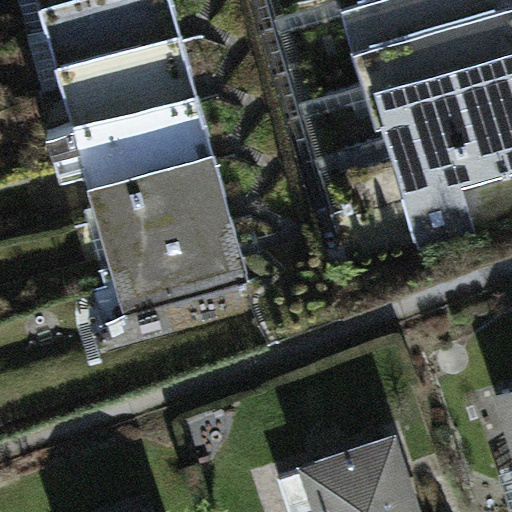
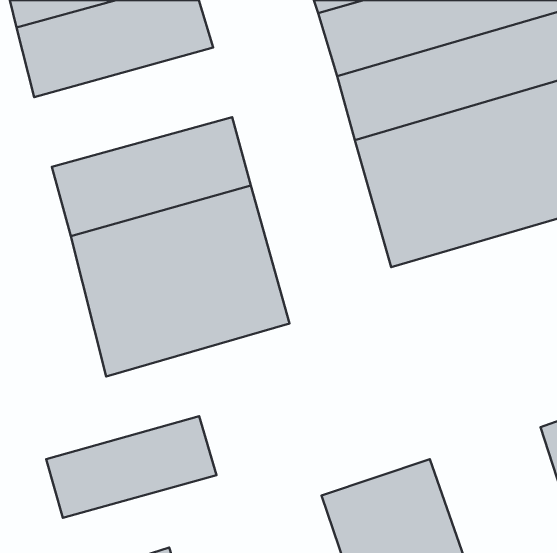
building: [38,53,217,161] -> none
building: none -> [46,416,216,518]

